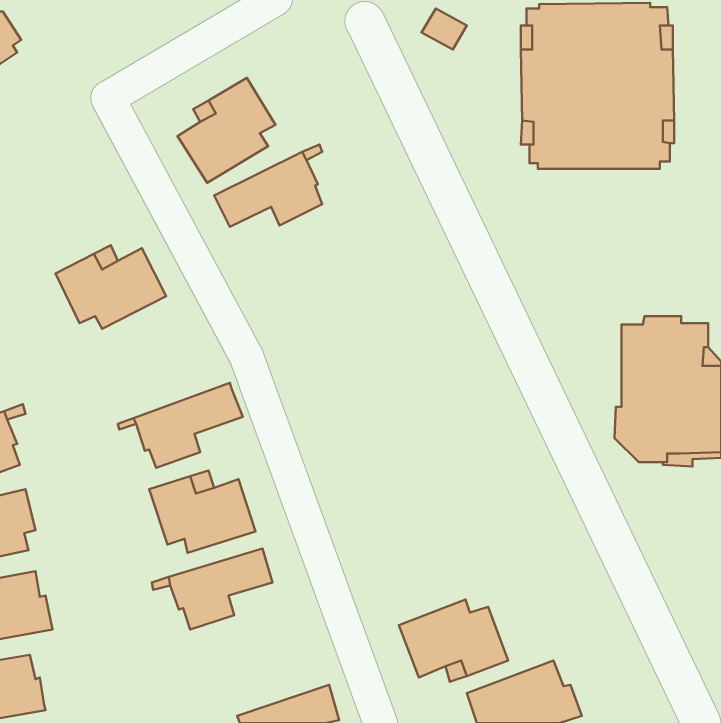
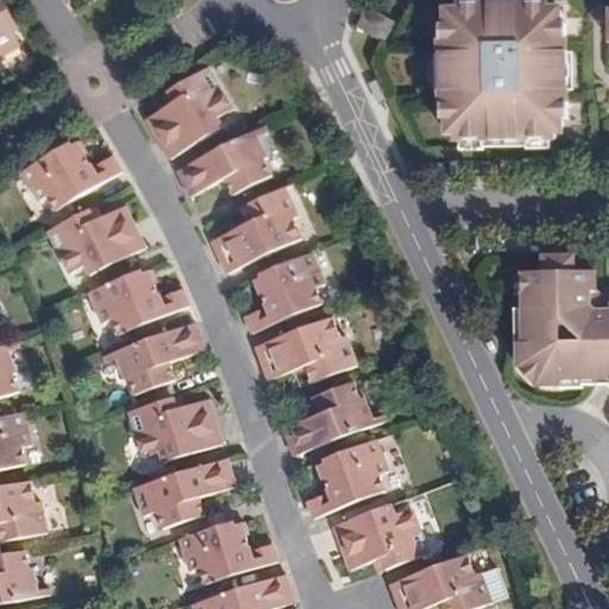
building: none -> [18,146,121,214]
building: none -> [218,183,300,264]
building: none -> [244,249,325,329]
building: none -> [84,272,184,334]
building: none -> [258,314,356,377]
building: none -> [290,378,370,454]
building: none -> [306,440,385,515]
building: none -> [175,523,275,584]

